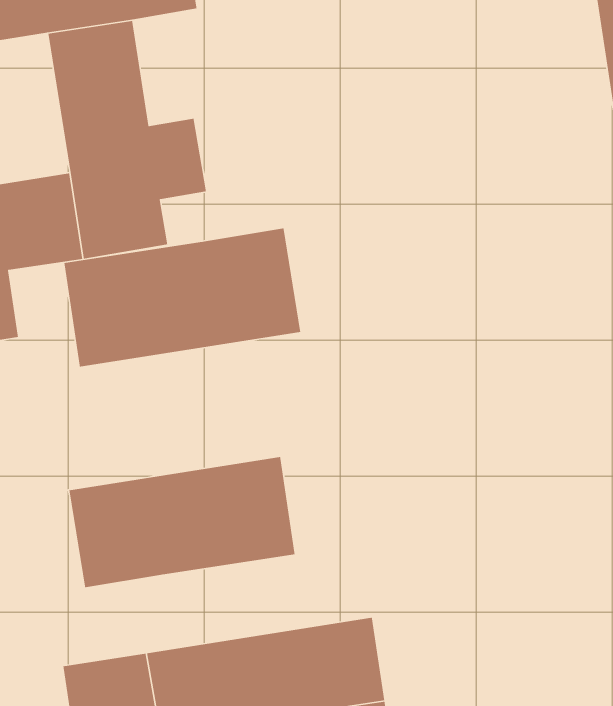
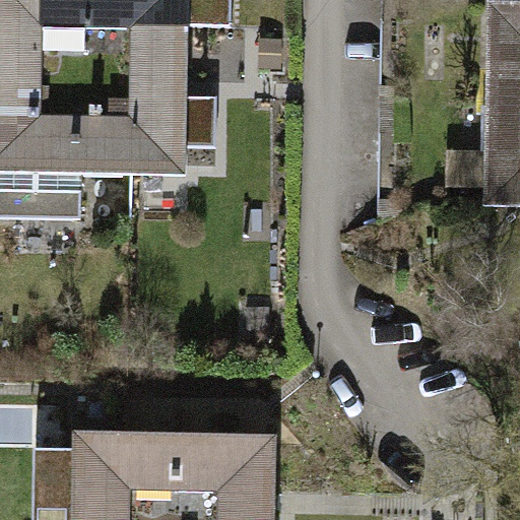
building: [64,227,301,368] -> none
building: [68,456,295,588] -> none

